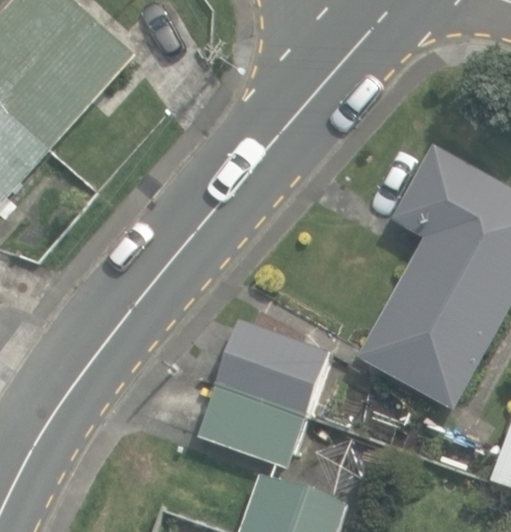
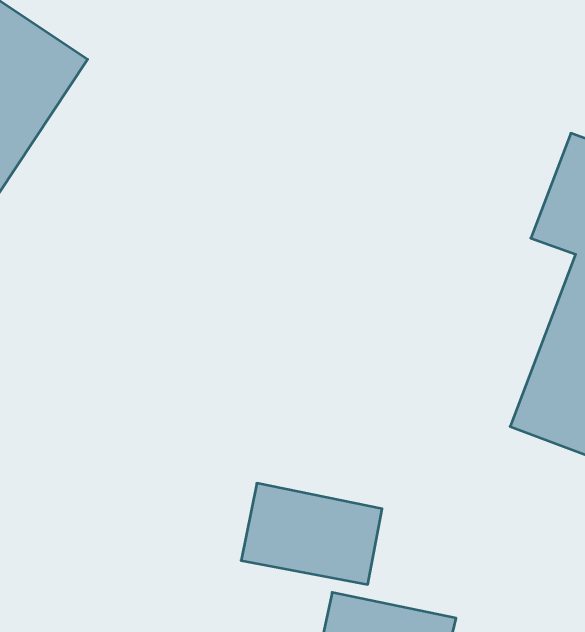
building: [212,320,324,415] -> none

